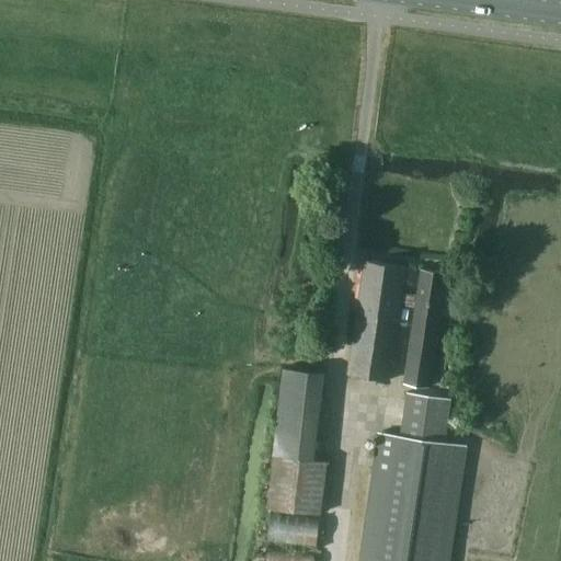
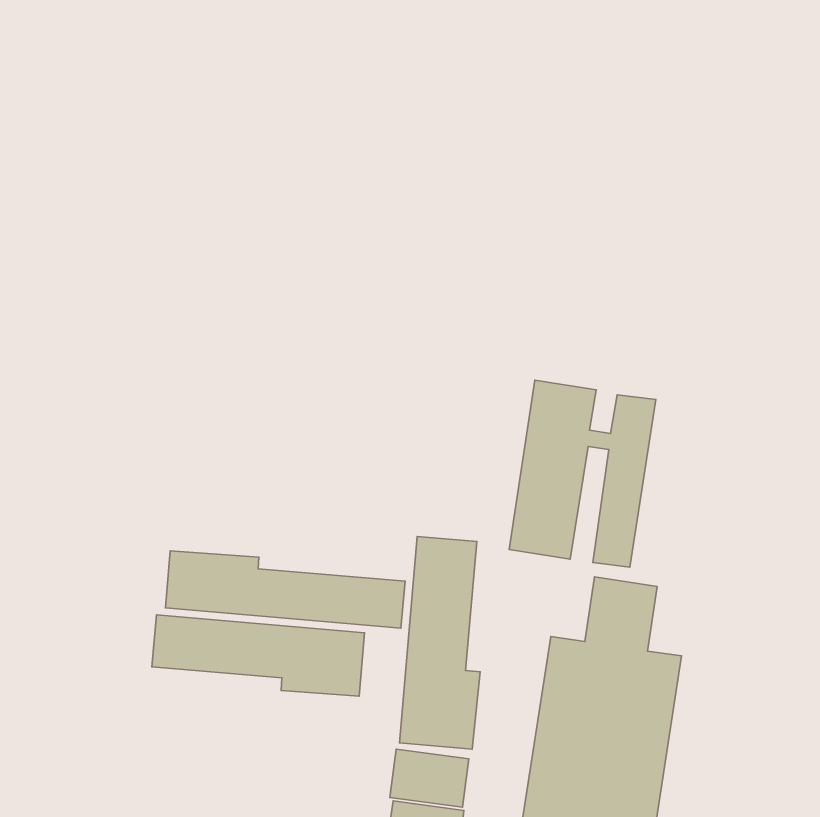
building: none -> [166,551,405,628]
building: none -> [152,615,364,696]

